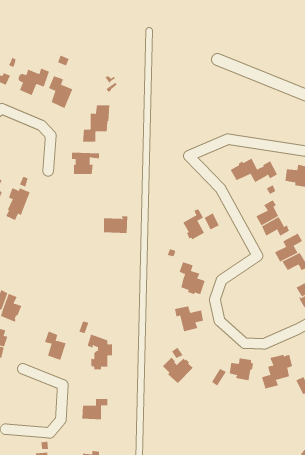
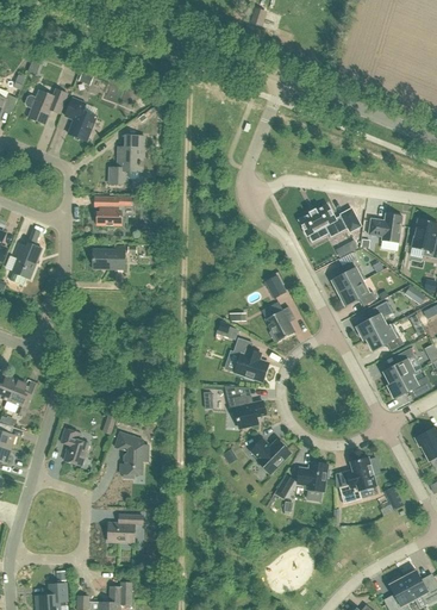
building: [182,209,205,240] -> [264,300,293,341]
building: [103,216,128,233] -> [93,245,125,268]
building: [162,357,194,384] -> [249,437,289,472]

